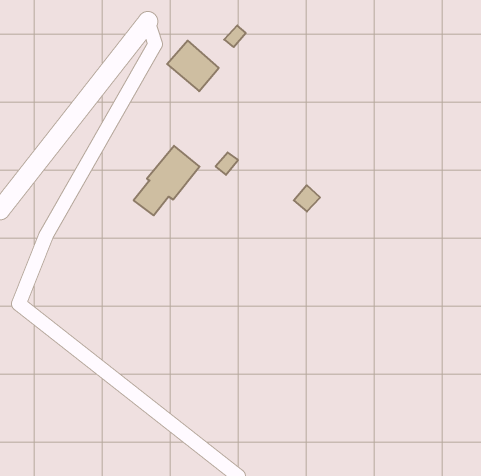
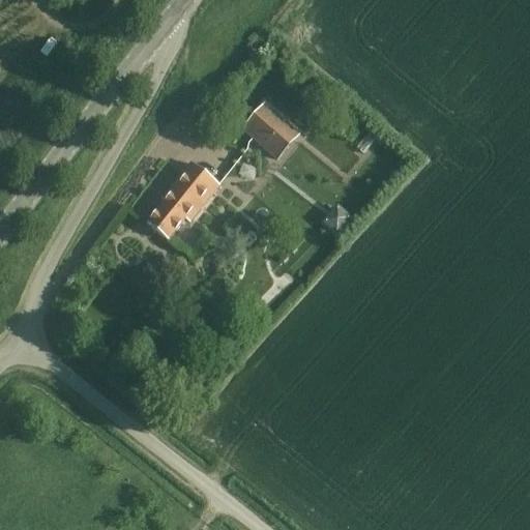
building: [167,41,219,91] -> [242,101,299,157]

